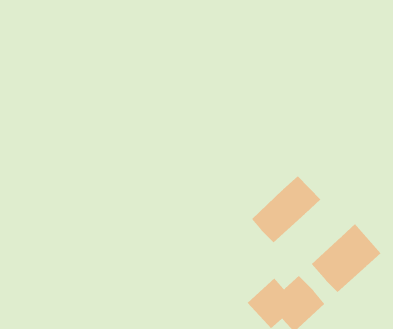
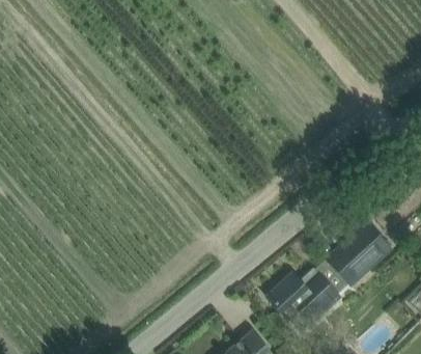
building: [251,175,321,243] -> none

